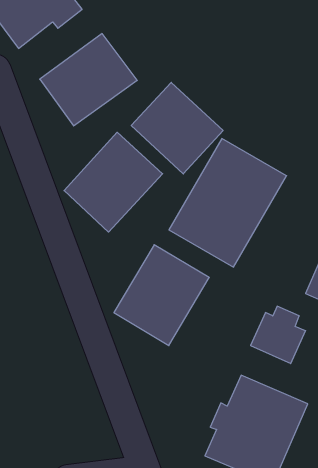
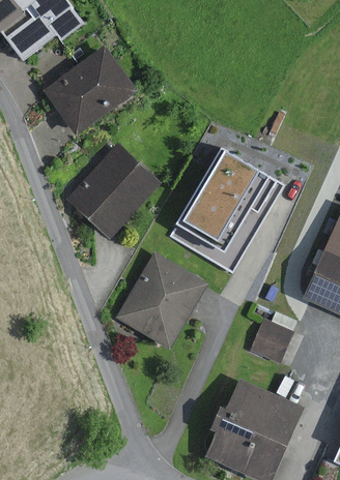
building: [131,82,223,174] -> none

